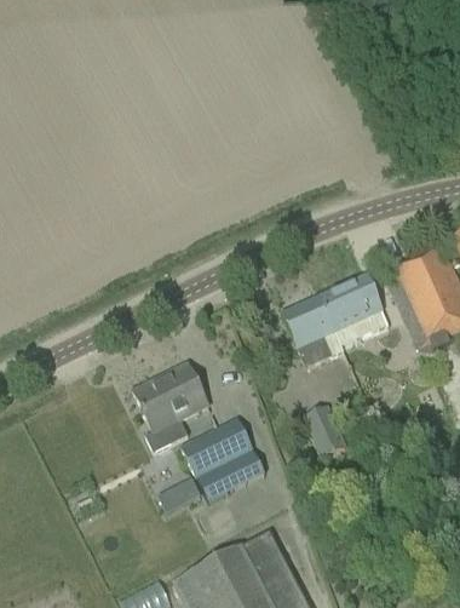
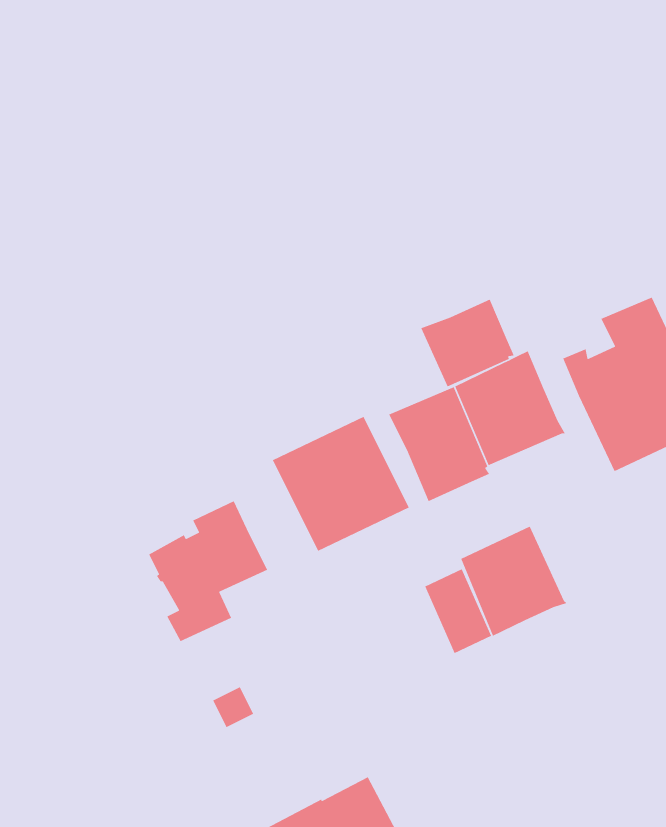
building: none -> [420,299,515,388]
building: none -> [460,525,568,637]
building: [180,418,264,500] -> [272,416,410,552]

